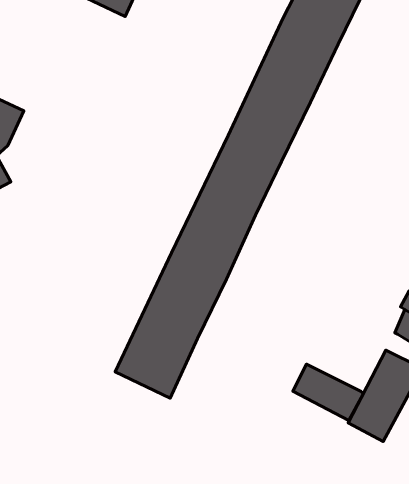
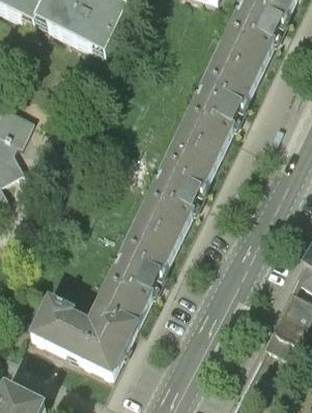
building: none -> [31,297,137,374]
building: [293,364,363,420] -> none

